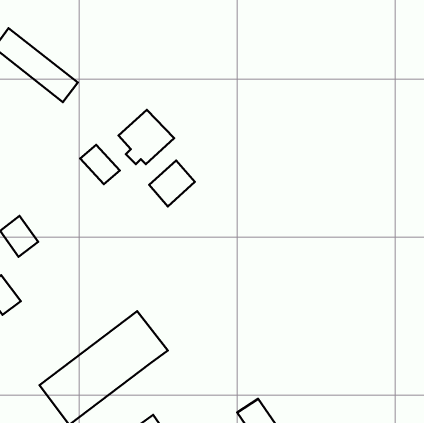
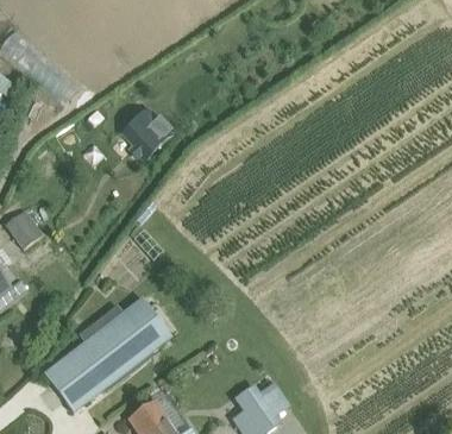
building: [80,145,120,184] -> none
building: [149,160,195,206] -> none

